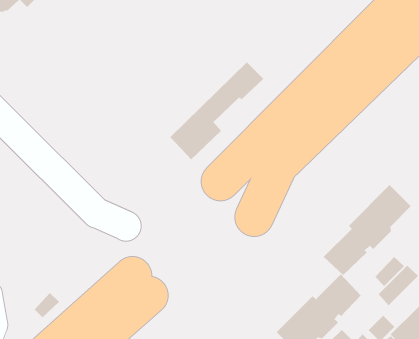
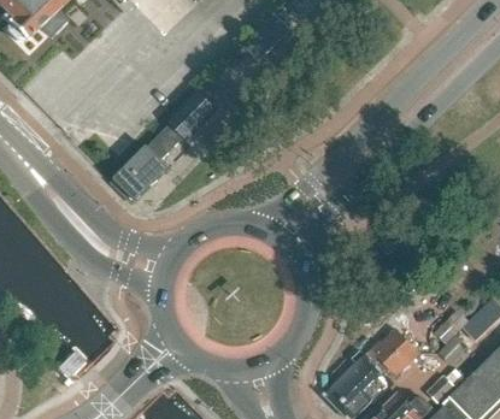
building: [170,61,264,160] -> [110,90,214,200]
building: [323,184,412,276] -> none

